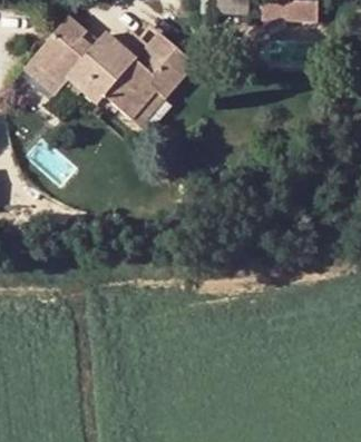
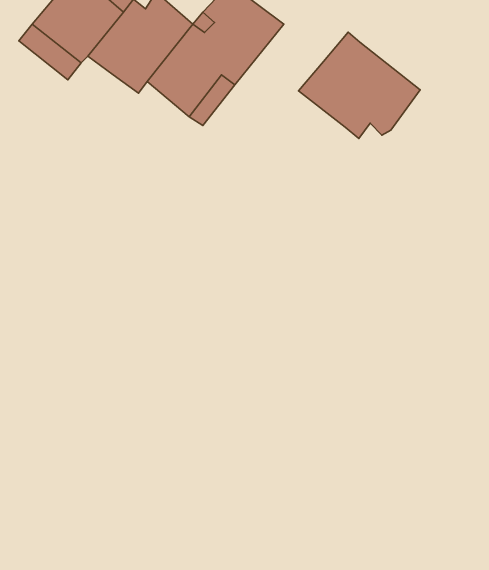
building: none -> [298,32,420,138]

